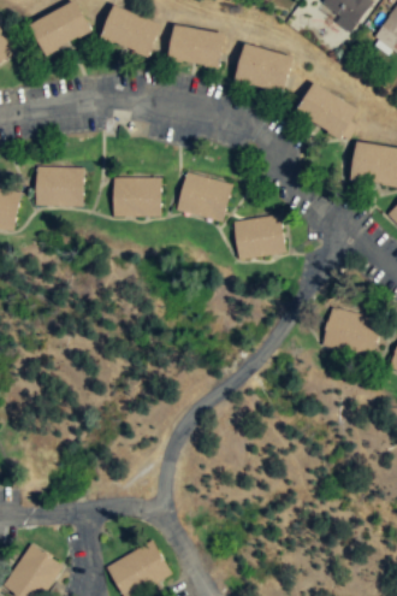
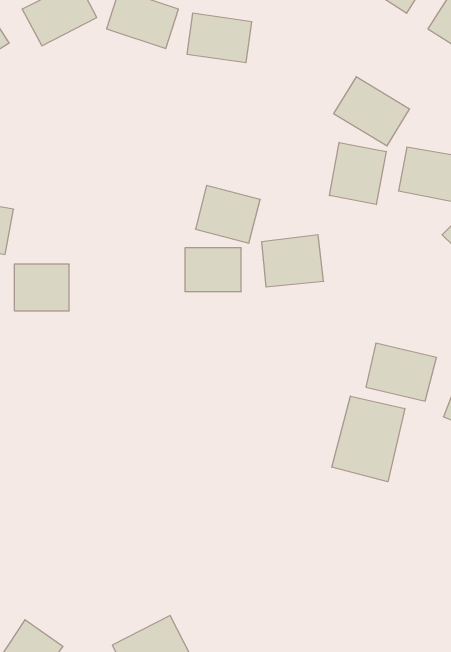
building: [235,45,294,93] -> none
building: none -> [329,142,386,205]
building: [36,167,83,207] -> [14,264,69,311]
building: [113,179,161,217] -> [185,248,241,292]
building: none -> [332,396,405,482]

